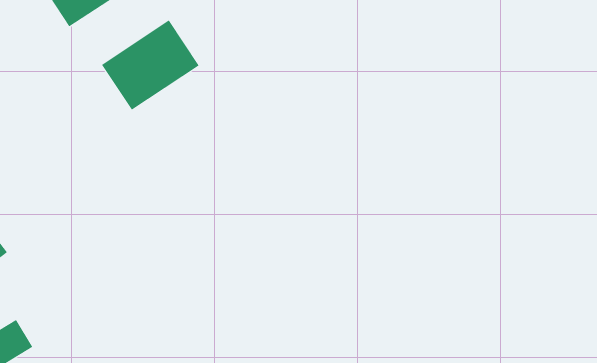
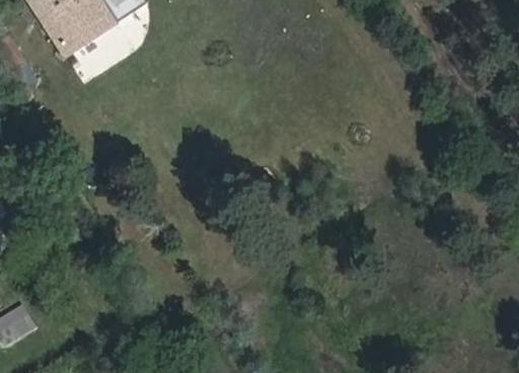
building: [101,20,200,111] -> none

